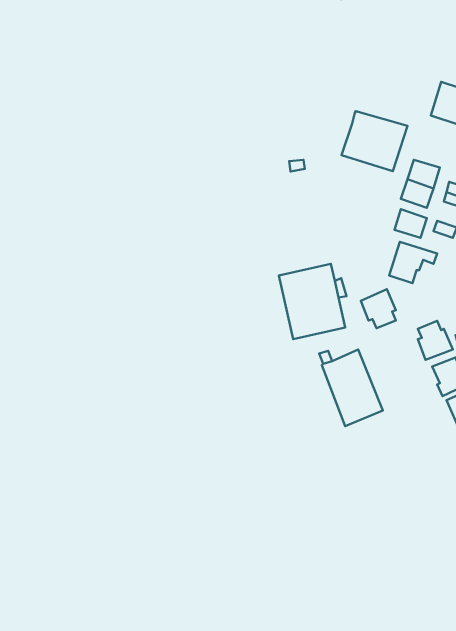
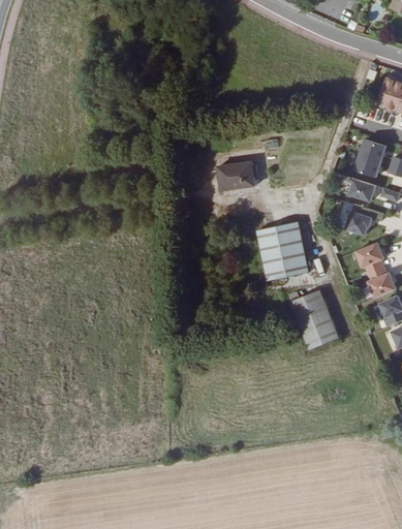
building: [341,111,407,171] -> none
building: none -> [218,161,257,190]
building: [361,289,396,328] -> [354,242,382,273]

